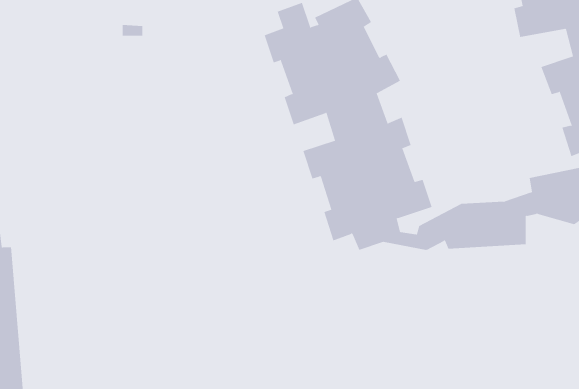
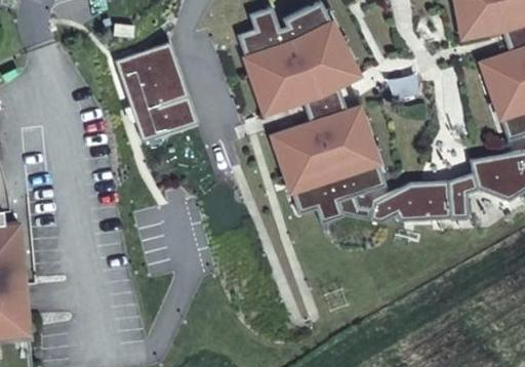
building: none -> [114,41,197,140]

